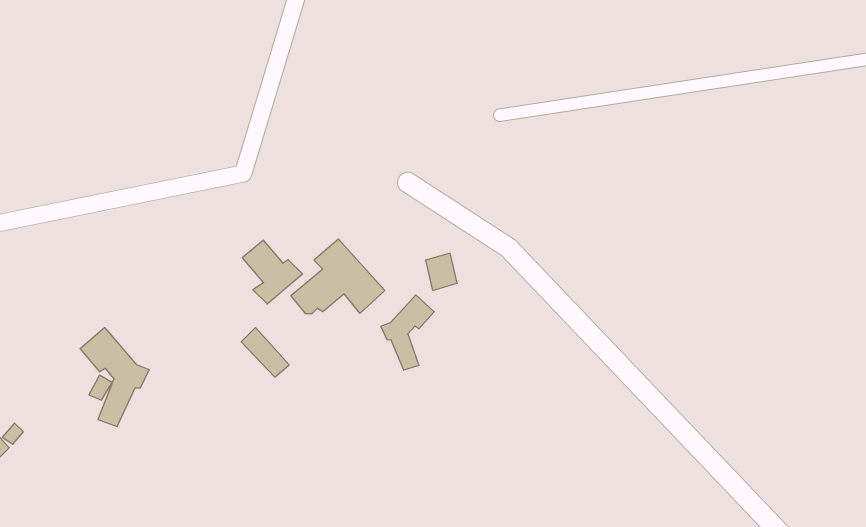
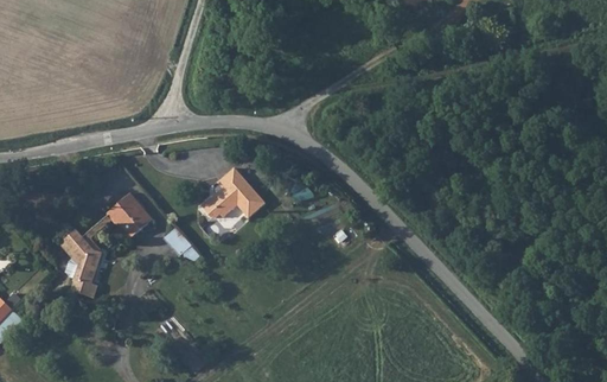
building: [242,240,302,304] -> [113,196,153,238]
building: [381,295,434,370] -> none

